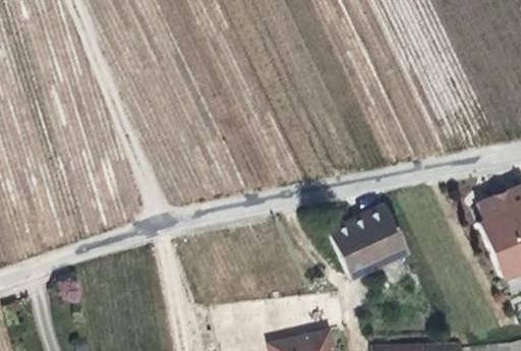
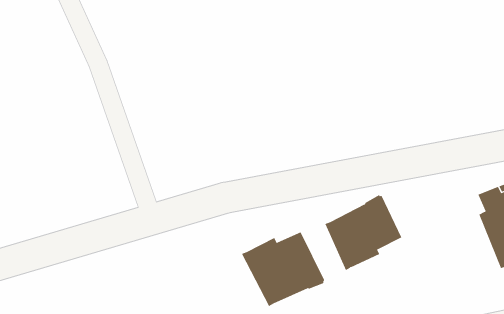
building: none -> [241,232,325,307]

